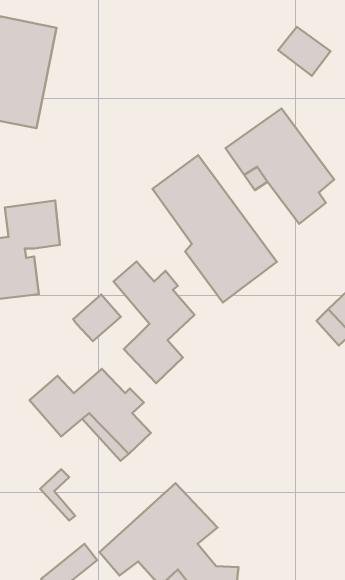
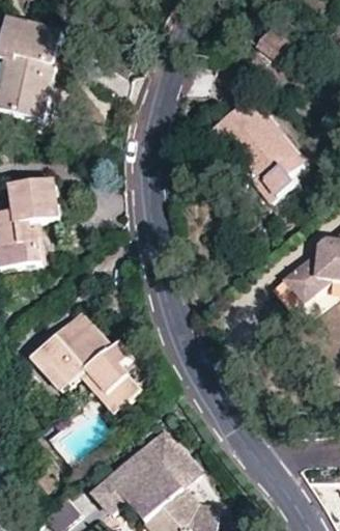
building: [153,155,277,303] -> none
building: [114,262,194,383] -> none
building: [73,295,121,341] -> [54,309,96,351]

